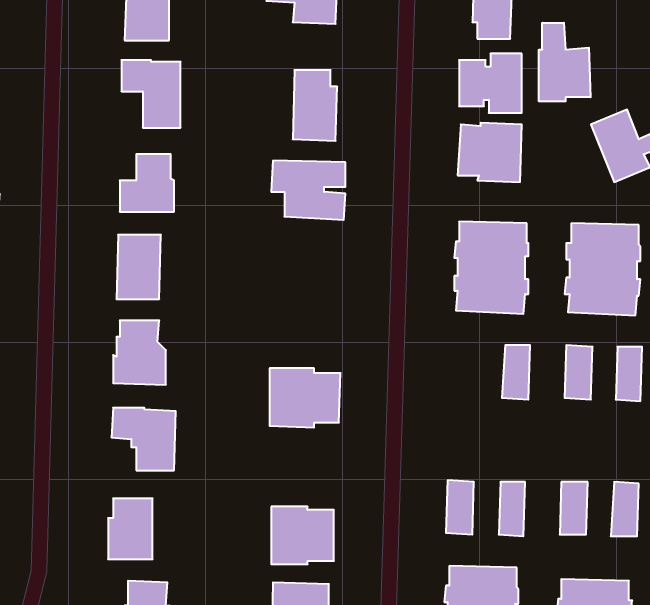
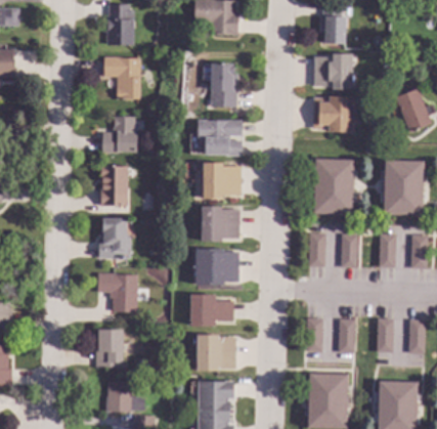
building: [539,23,591,101] -> none
building: none -> [203,163,241,199]
building: none -> [202,206,239,242]
building: none -> [308,233,325,267]
building: none -> [190,295,233,327]

